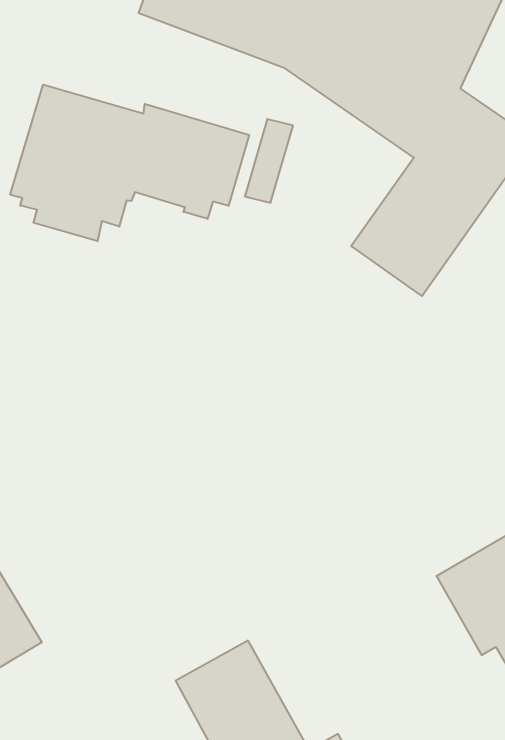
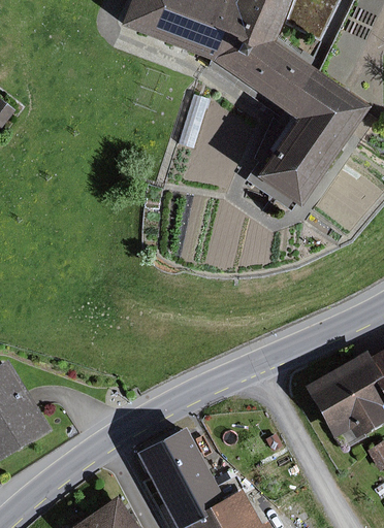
building: [10,85,249,241] -> none

